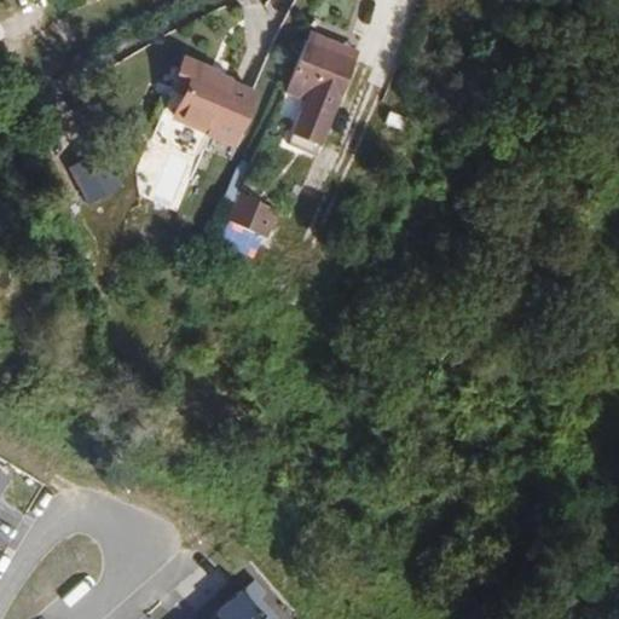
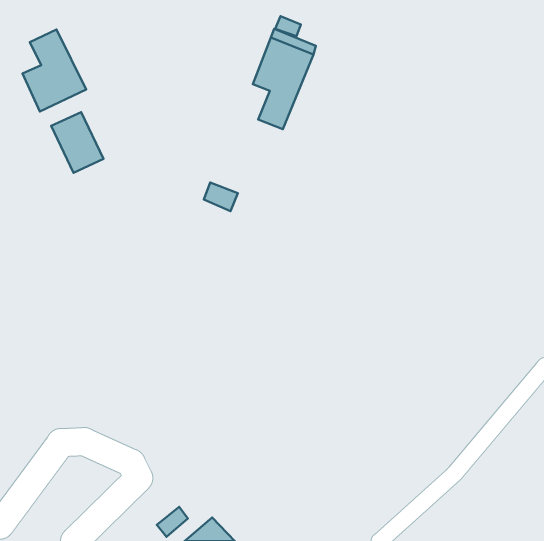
building: none -> [23,29,86,111]
building: [174,59,256,146] -> none

